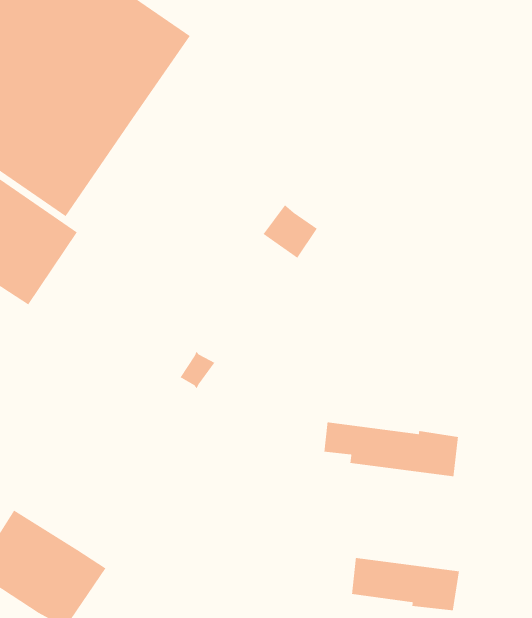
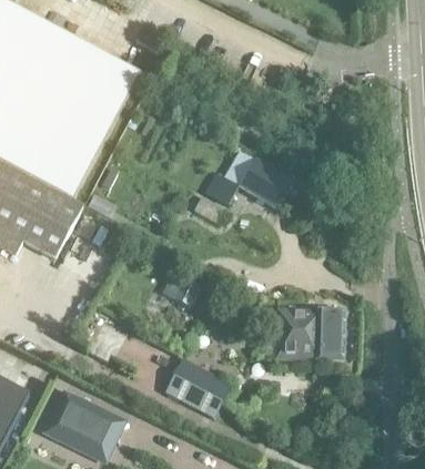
building: none -> [237,159,292,208]
building: none -> [165,358,230,416]
building: [351,557,460,611] -> [275,335,344,363]

